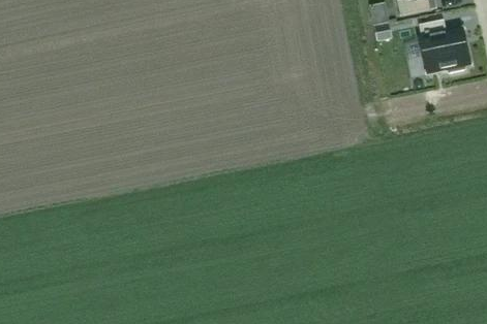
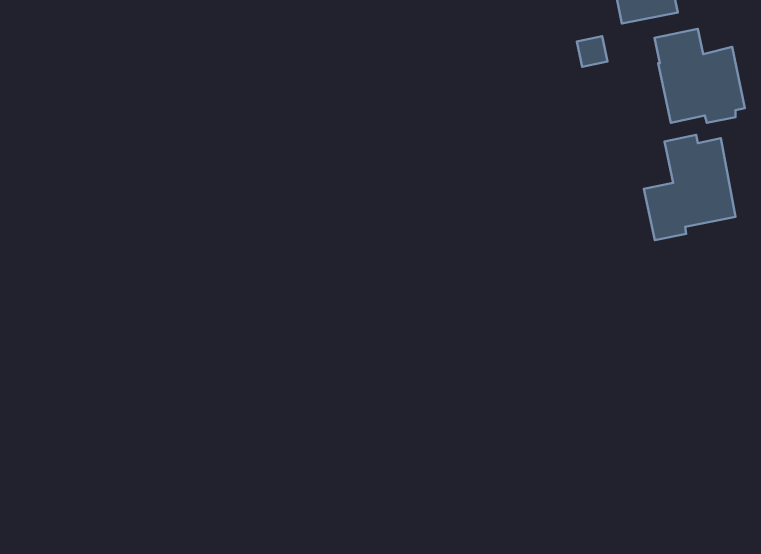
building: none -> [644,135,736,240]

